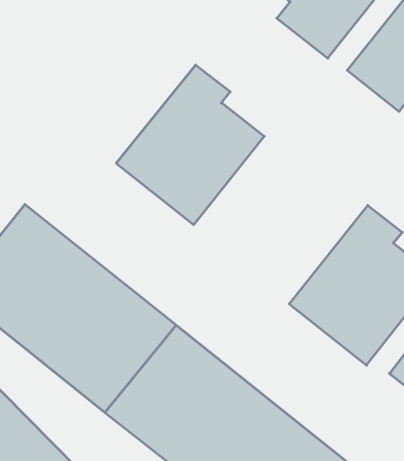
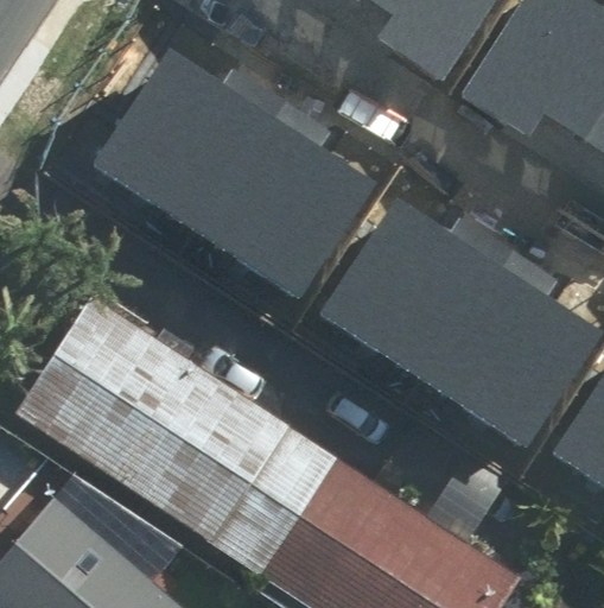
building: none -> [96,51,284,233]
building: none -> [320,201,508,382]

